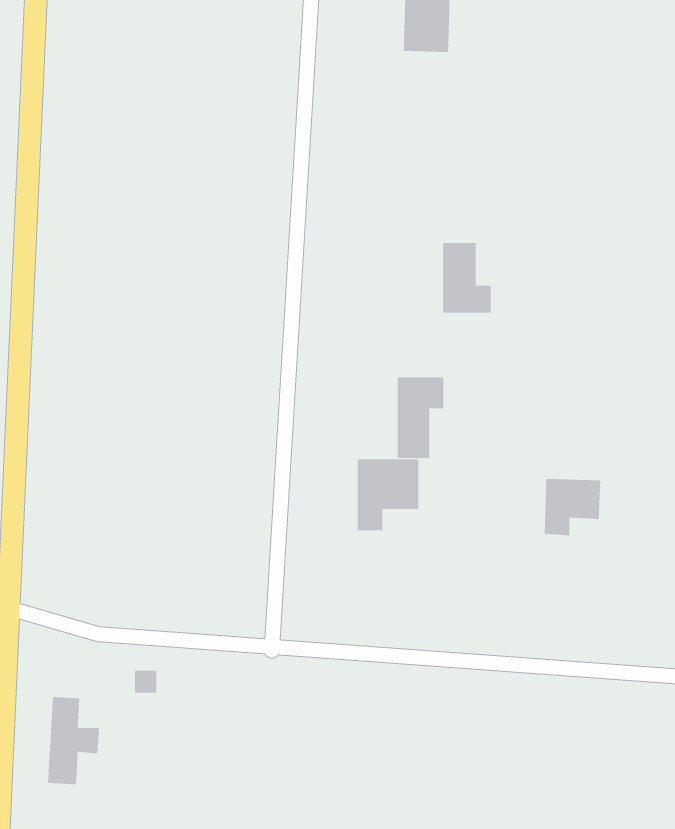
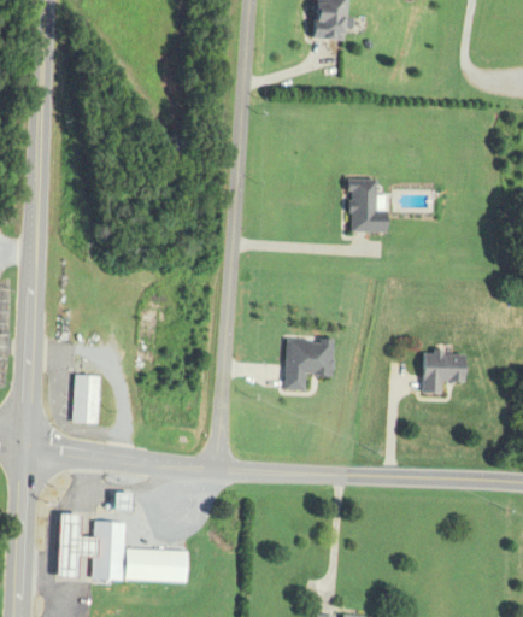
building: [397,376,444,459] -> none
building: none -> [77,376,104,423]
building: none -> [93,521,189,582]

